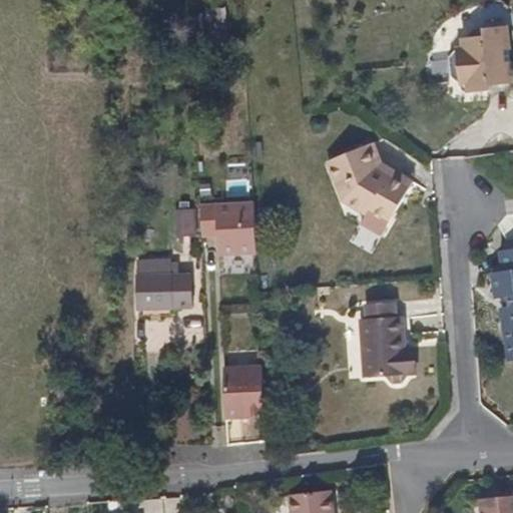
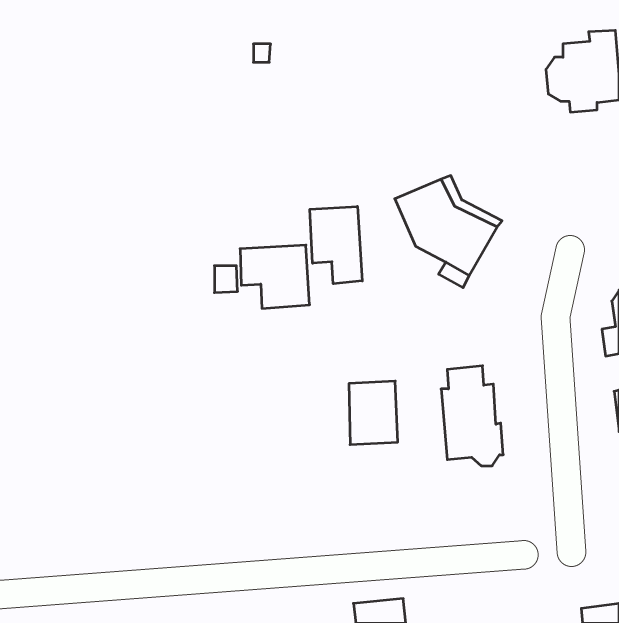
building: none -> [310,206,362,284]
building: [133,262,185,312] -> none
building: [221,365,262,417] -> [349,381,398,445]

